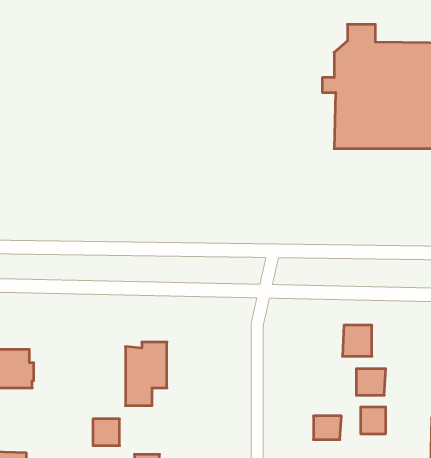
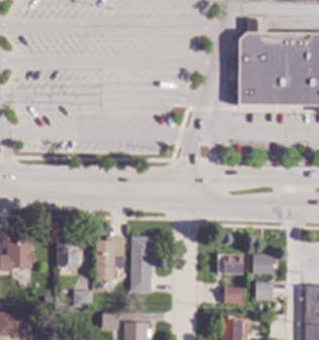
building: [342,325,372,356] -> [222,253,242,274]
building: none -> [56,234,78,267]
building: none -> [129,236,150,292]

